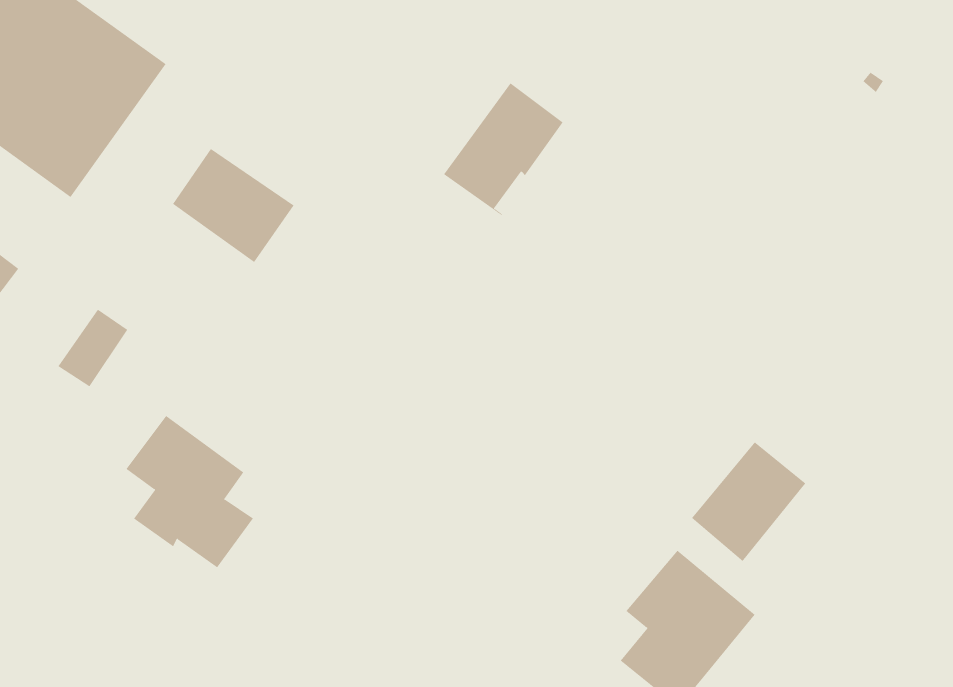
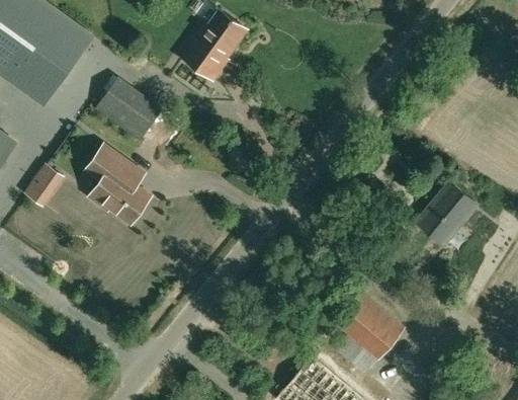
building: [443,82,564,216] -> [181,9,245,80]
building: [126,415,254,568] -> [82,142,150,223]
building: [691,441,806,562] -> [416,181,477,245]

